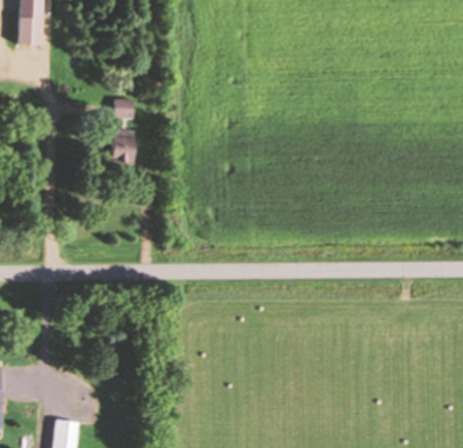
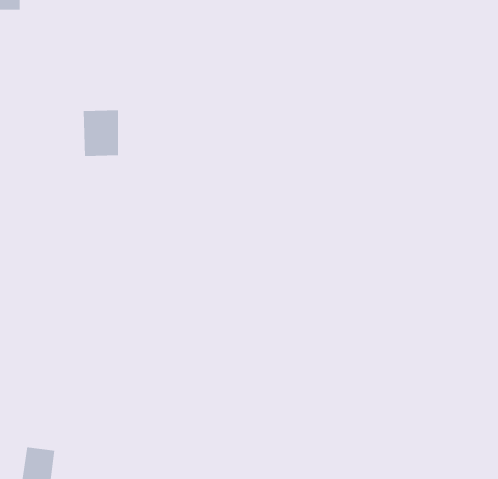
building: [115,99,137,118] -> none

